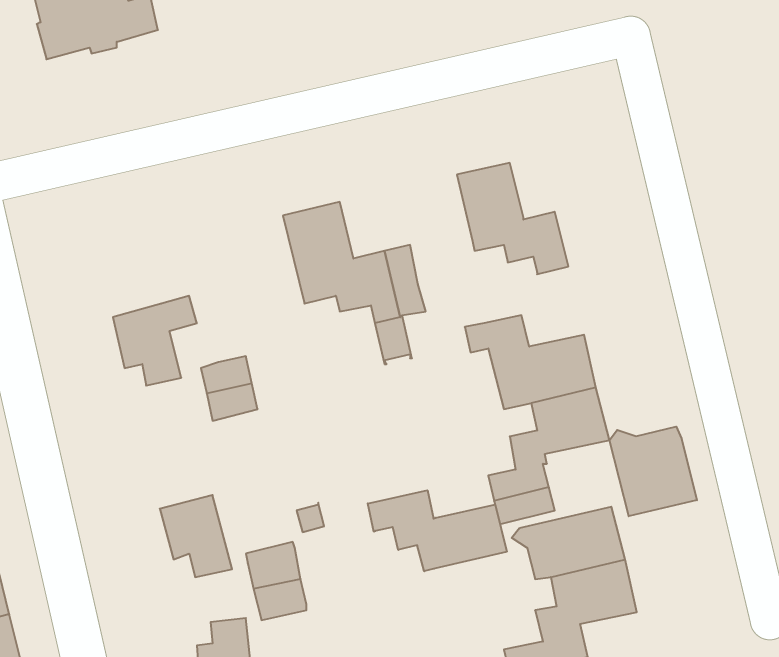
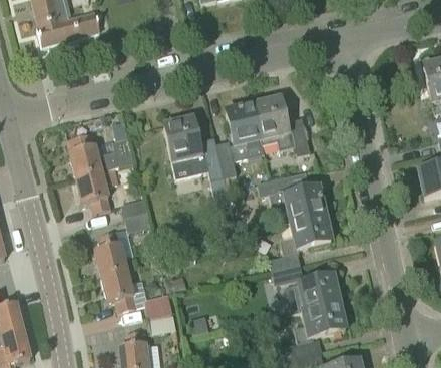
building: none -> [226,104,265,159]
building: none -> [67,133,135,177]
building: none -> [94,232,127,276]
building: [609,427,697,516] -> none
building: [368,490,507,571] -> none

